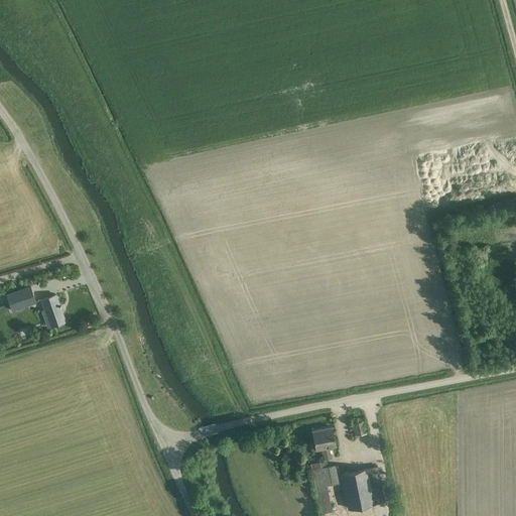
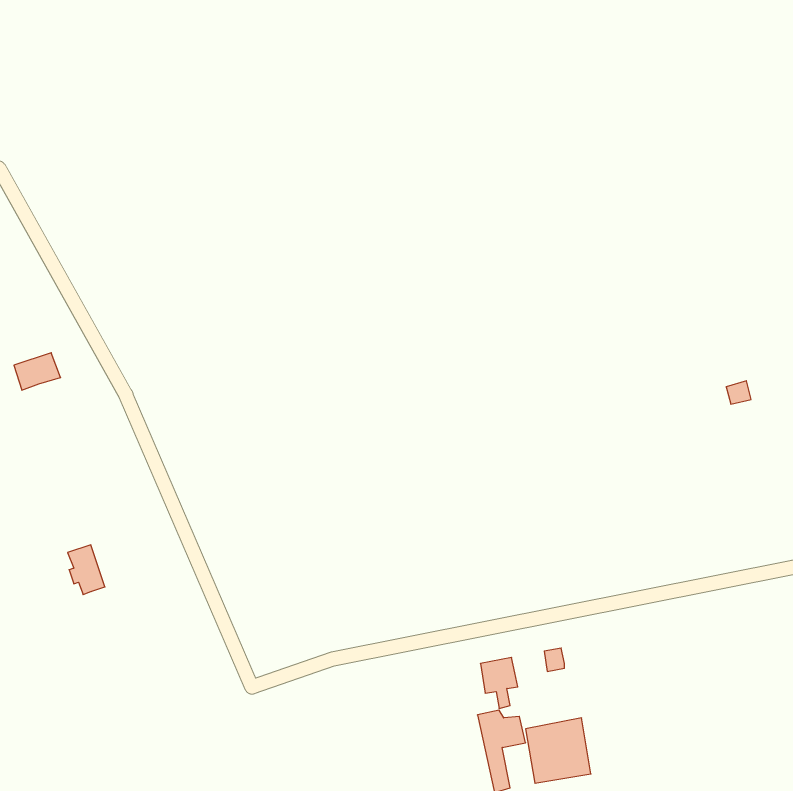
building: [6,288,36,312] -> [14,353,61,390]
building: [40,296,64,329] -> [68,545,105,595]

